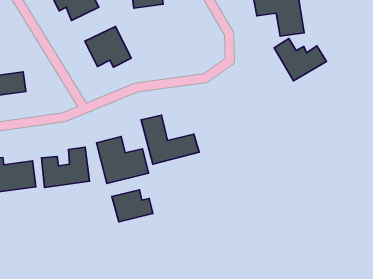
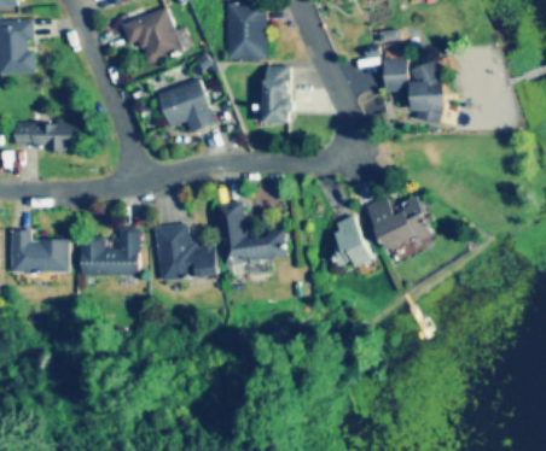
building: none -> [262,80,290,124]
building: [274,38,327,81] -> [367,198,432,253]
building: none -> [326,216,374,273]
building: [112,190,153,222] -> none

